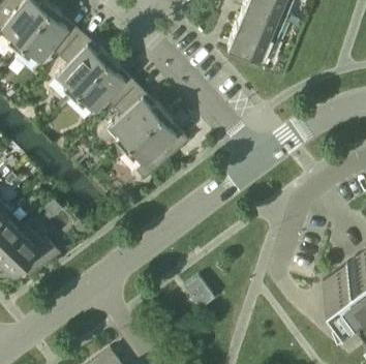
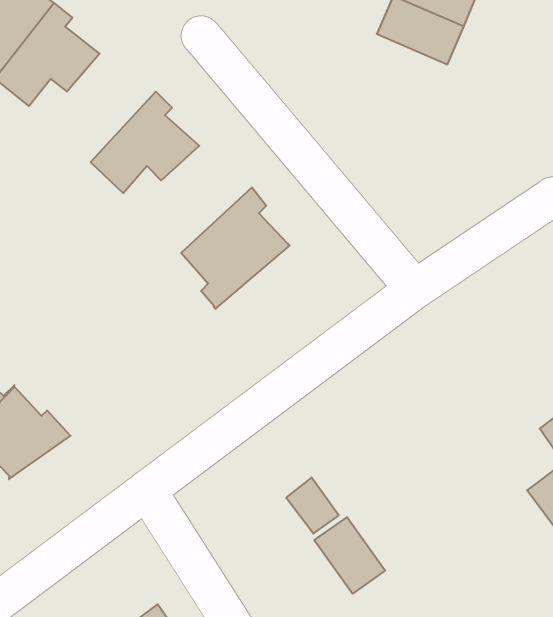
building: [226,24,276,63] -> none
building: [54,35,110,97] -> none
building: [106,88,164,149] -> none
building: none -> [314,517,385,594]

